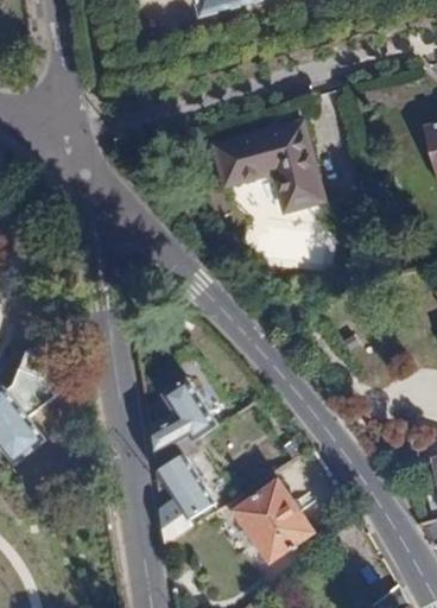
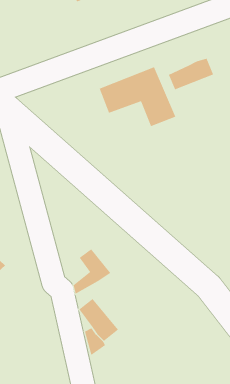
building: none -> [168,58,214,90]
building: [229,475,314,562] -> none

